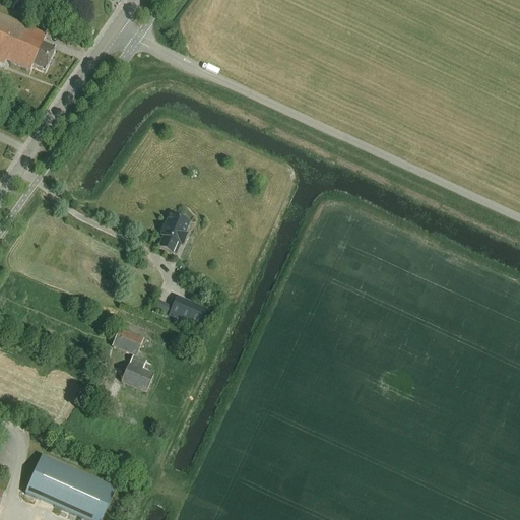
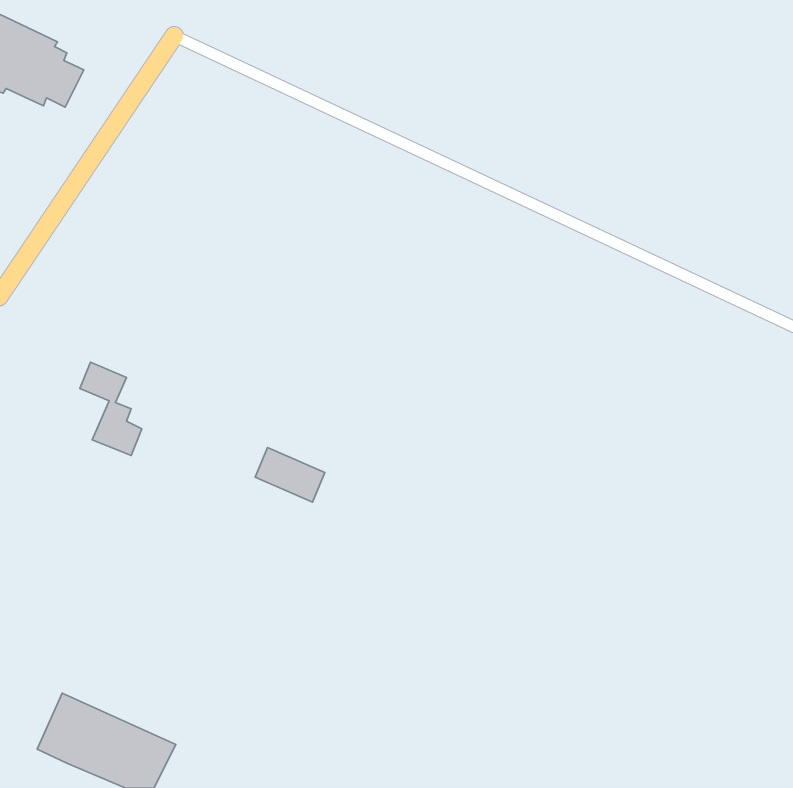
building: [158,212,188,249] -> none
building: [114,328,154,389] -> [80,362,142,455]

